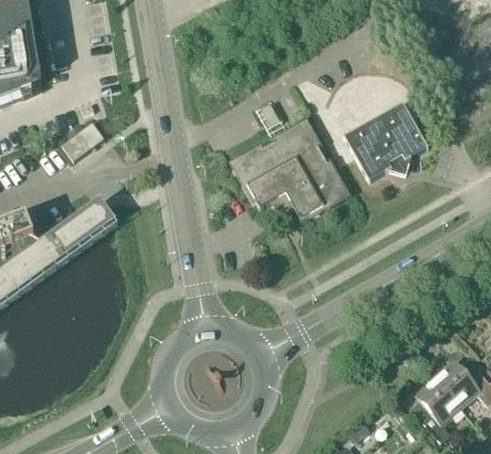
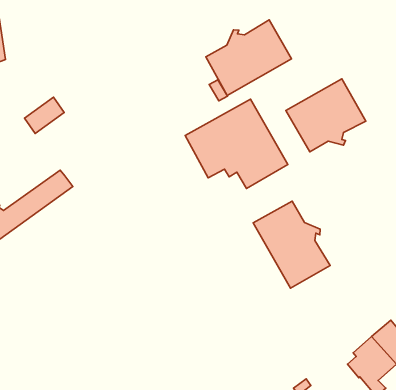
building: none -> [206,20,291,96]
building: none -> [253,201,330,288]

